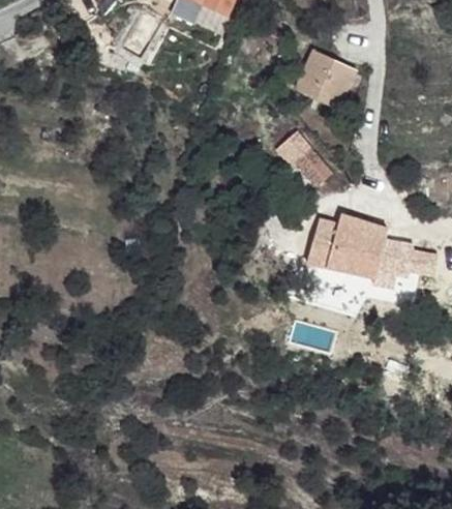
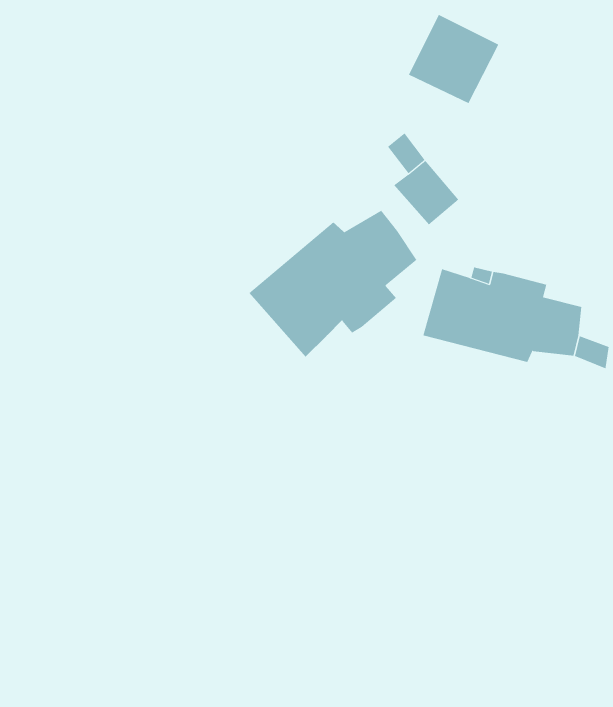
building: none -> [249,210,417,357]

